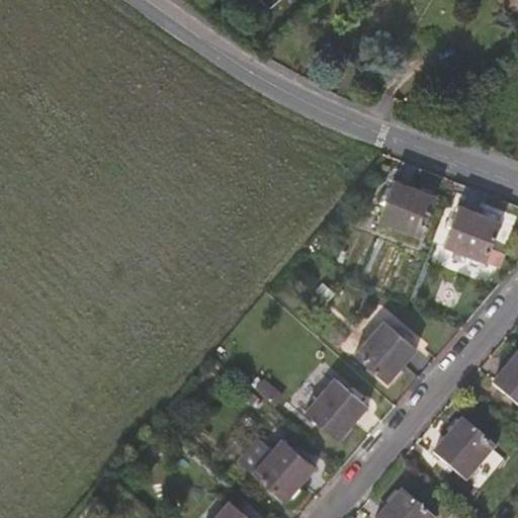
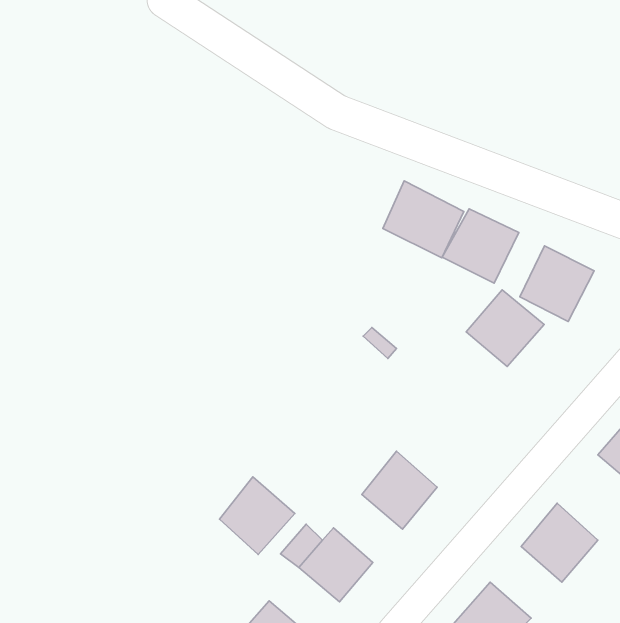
building: none -> [383,181,464,258]
building: [354,319,418,381] -> [466,290,544,366]
building: none -> [220,477,295,554]

